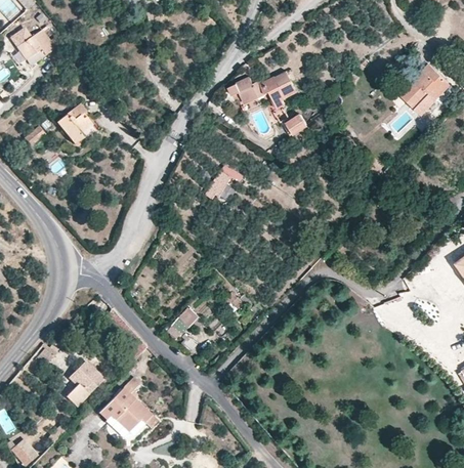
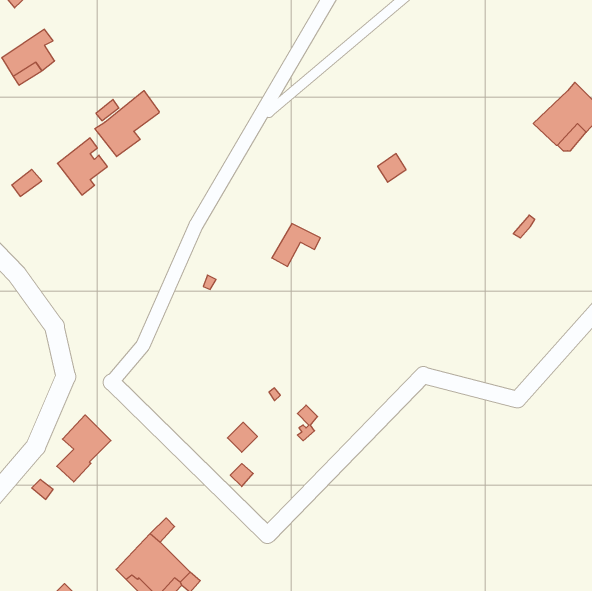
building: none -> [95,91,159,157]
building: [227,71,297,113] -> none
building: [66,359,104,408] -> [57,415,111,482]

